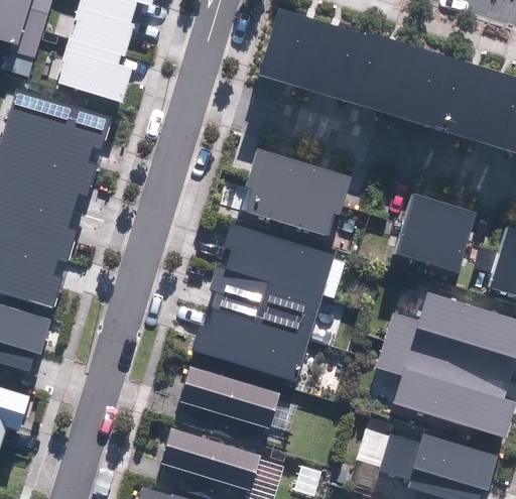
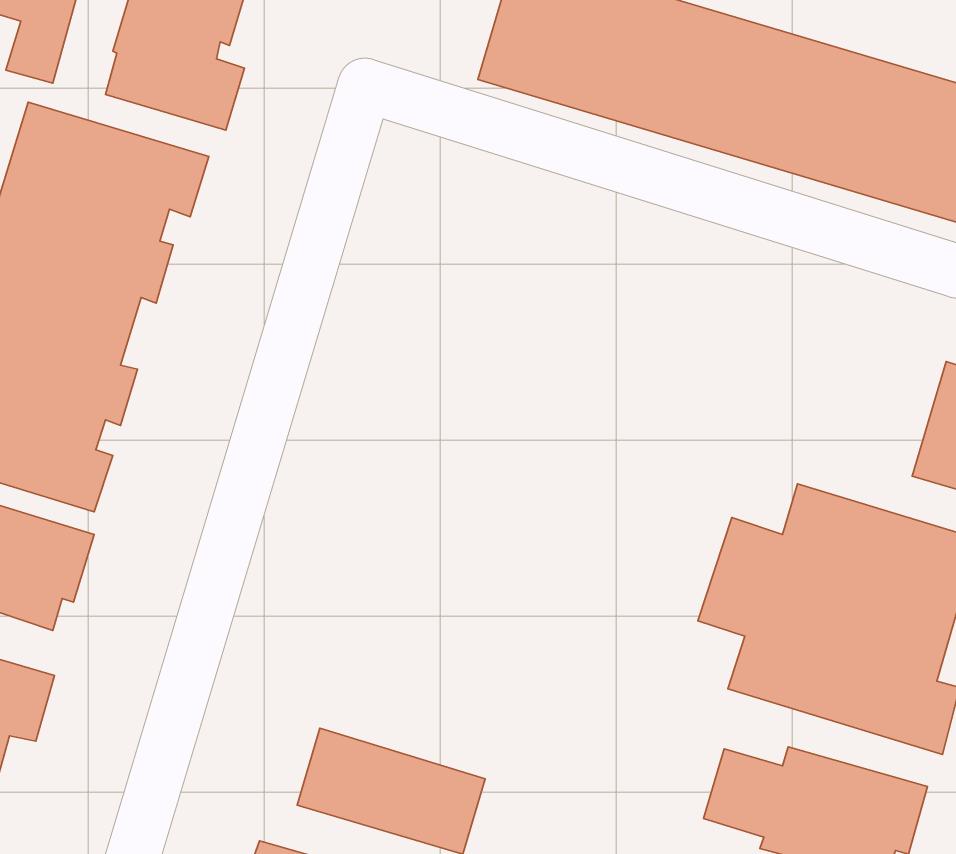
building: [245,148,351,235] -> none
building: [396,194,477,272] -> none
building: [192,223,344,382] -> none
building: [179,366,278,428] -> none

